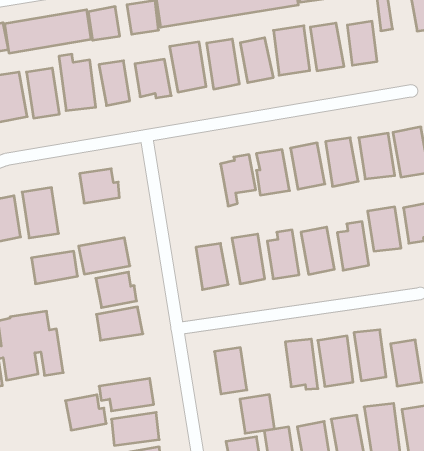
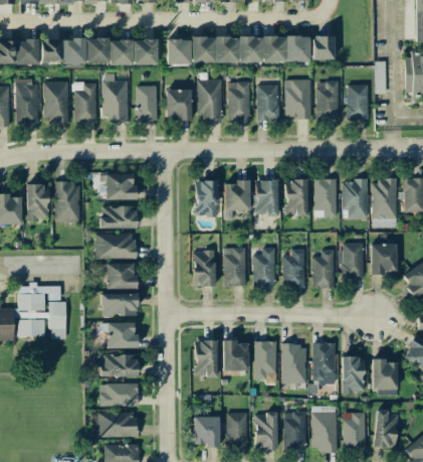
building: none -> [196,180,217,216]
building: [31,251,78,284] -> [100,206,137,228]
building: [240,395,275,433] -> [223,341,248,370]
building: [65,395,106,430] -> [107,322,138,348]

